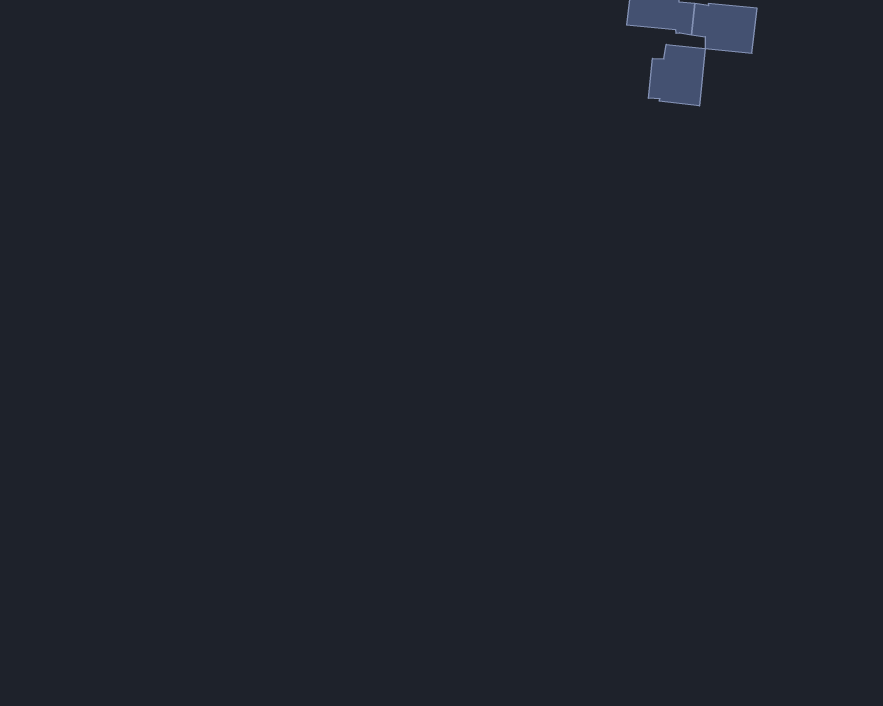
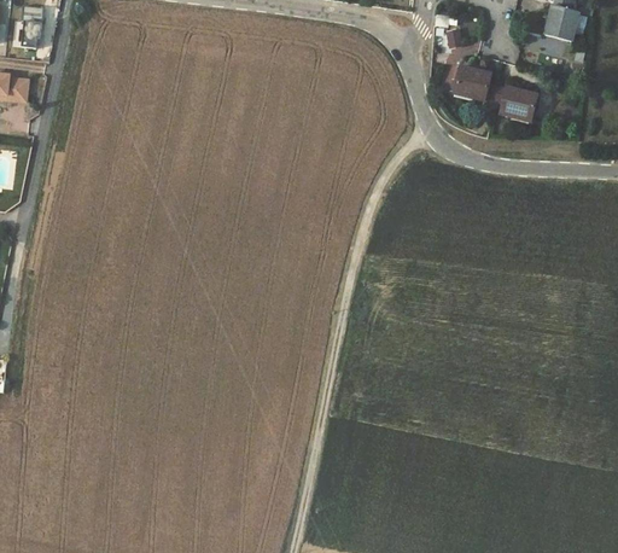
building: [648,44,705,106] -> none

